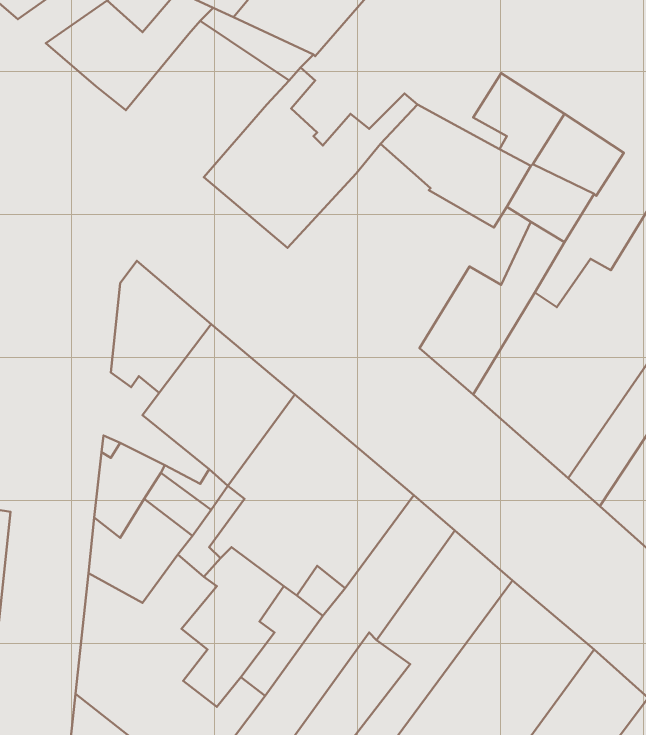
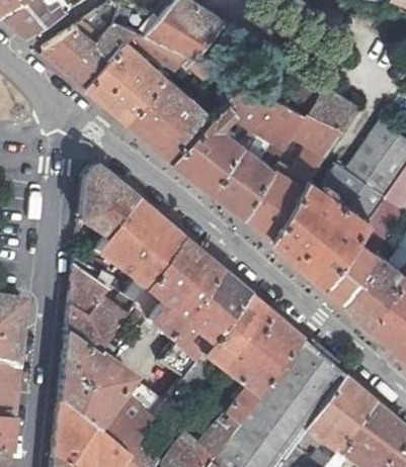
building: none -> [87,45,164,123]
building: none -> [175,121,274,216]

